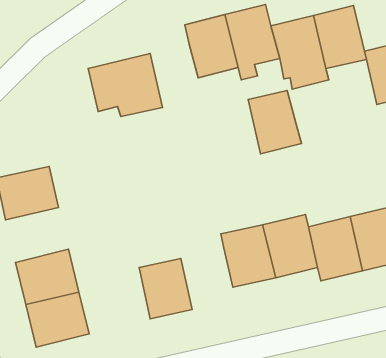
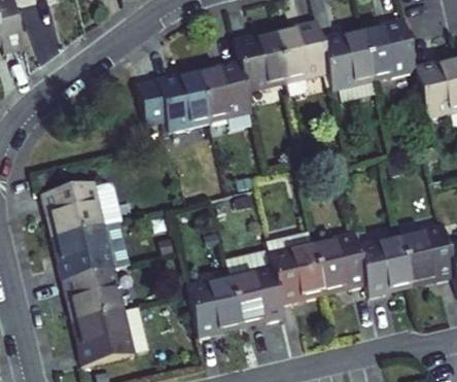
building: [248,90,301,154] -> [199,60,252,124]
building: none -> [52,224,116,280]
building: none -> [230,266,285,327]

